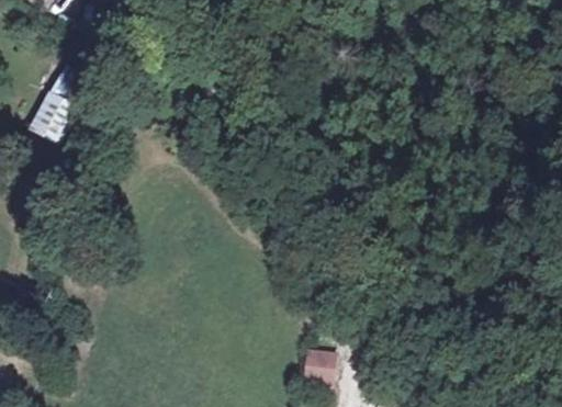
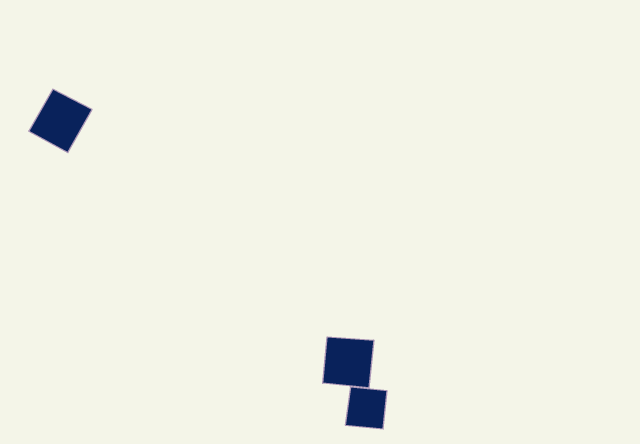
building: none -> [323,337,374,388]

